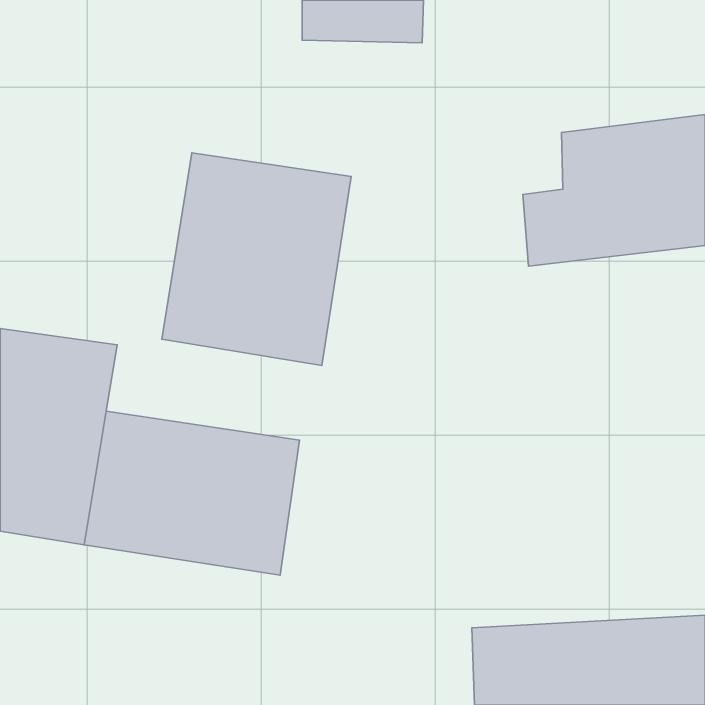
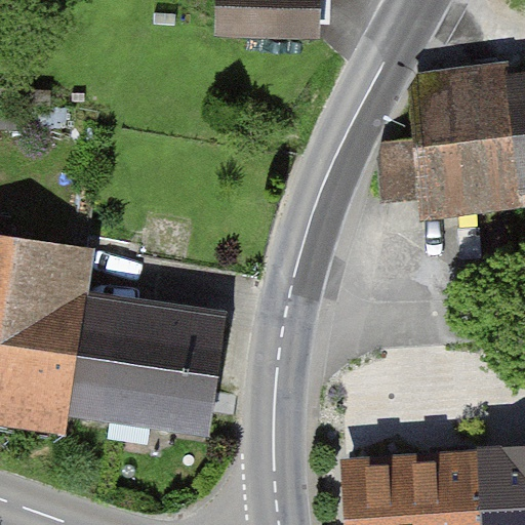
building: [162,153,351,366] -> none

